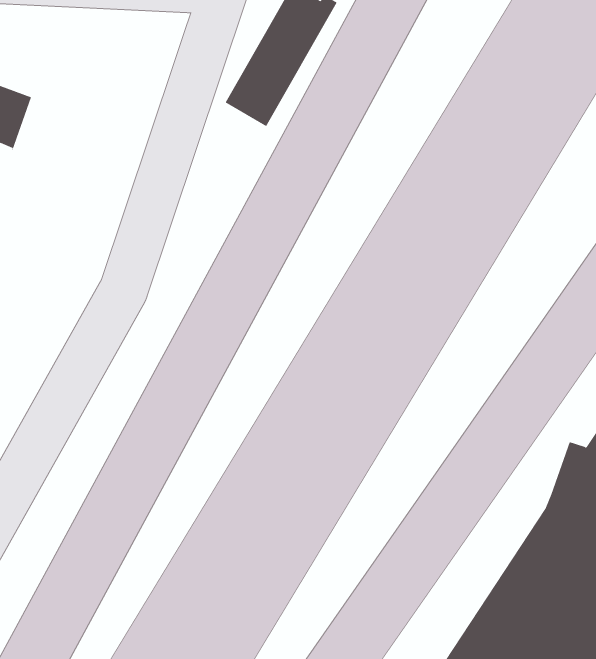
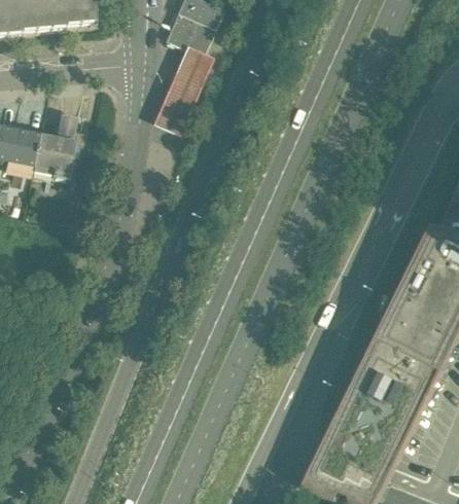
building: none -> [36,104,81,172]

